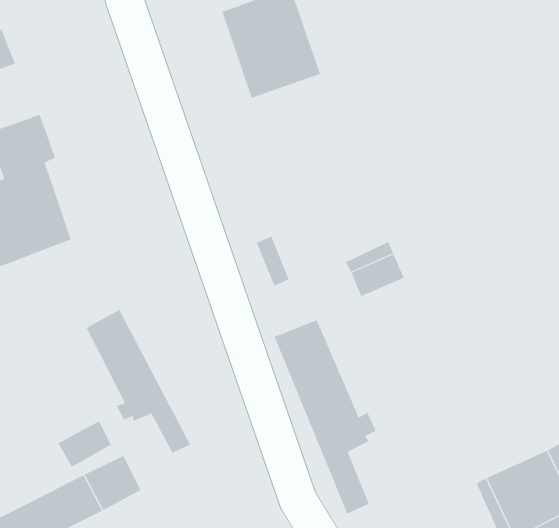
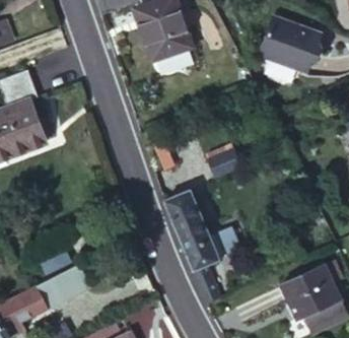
building: none -> [263,18,324,72]
building: [86,309,191,454] -> none

